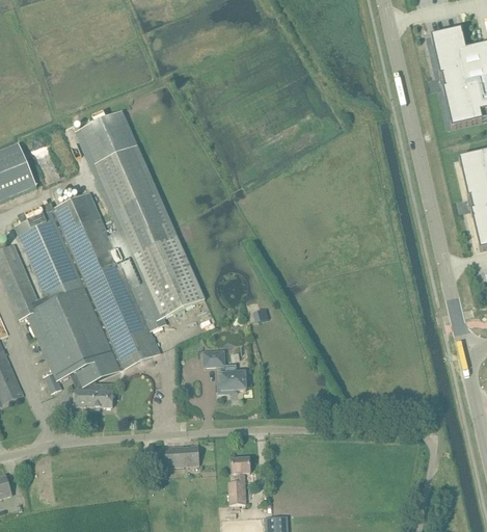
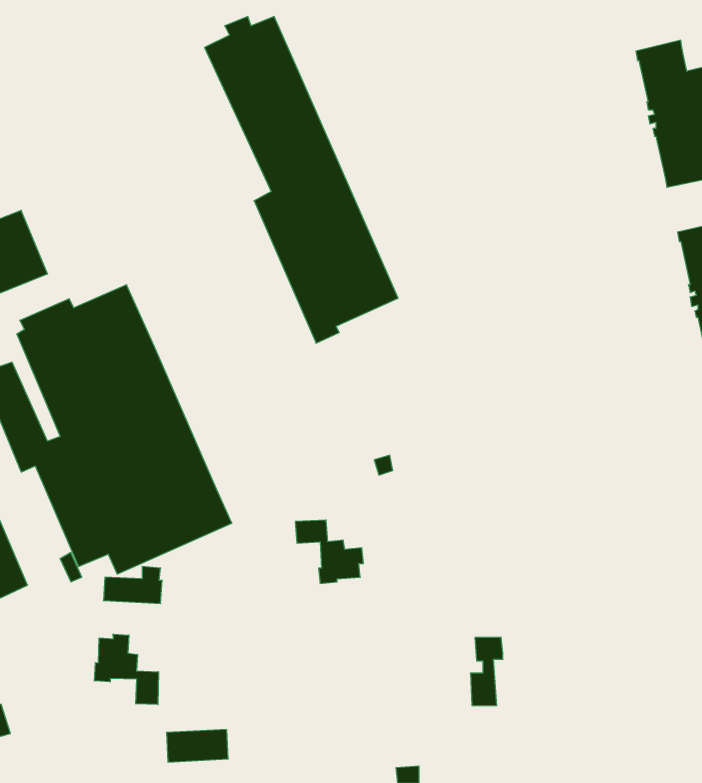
building: [75,109,205,328] -> [205,17,398,343]
building: none -> [94,634,158,705]
building: [158,444,199,466] -> [166,730,228,762]
building: [228,456,250,502] -> [470,638,503,706]

